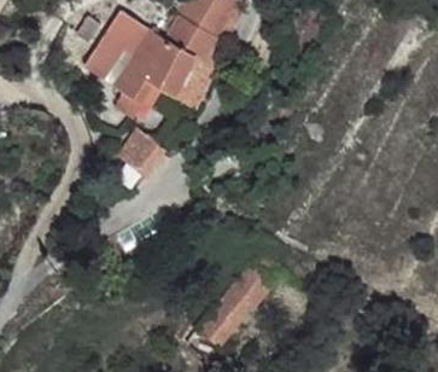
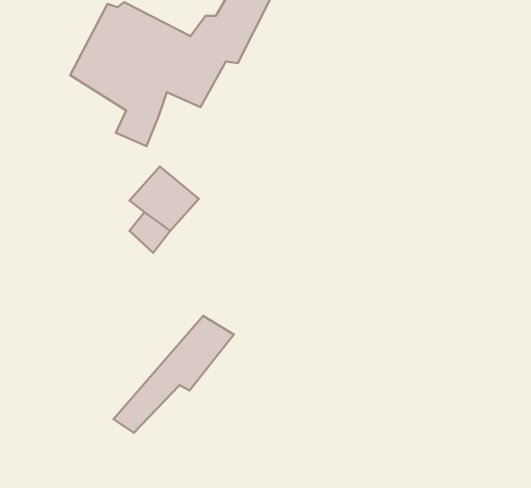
building: [200,256,286,339] -> [113,316,234,433]

